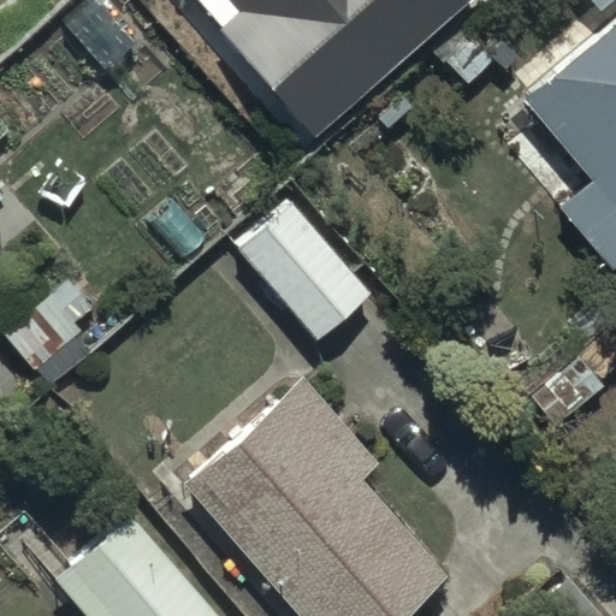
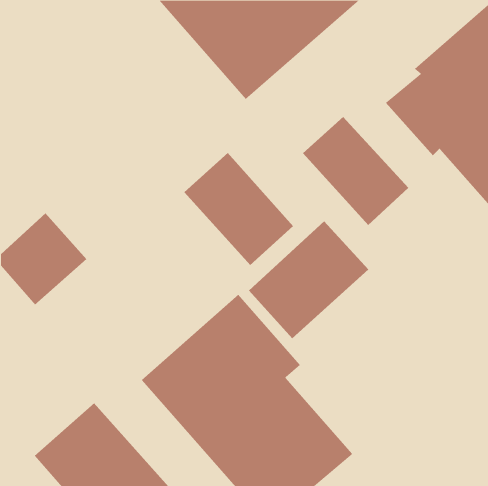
building: none -> [302,116,409,226]
building: none -> [248,221,369,339]

